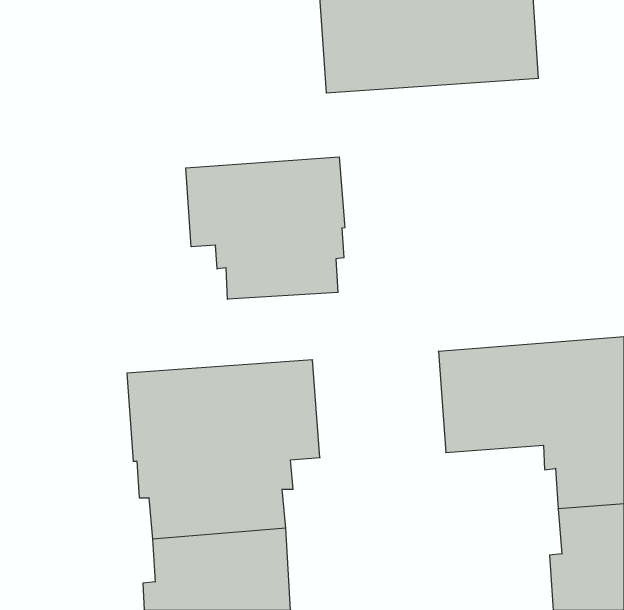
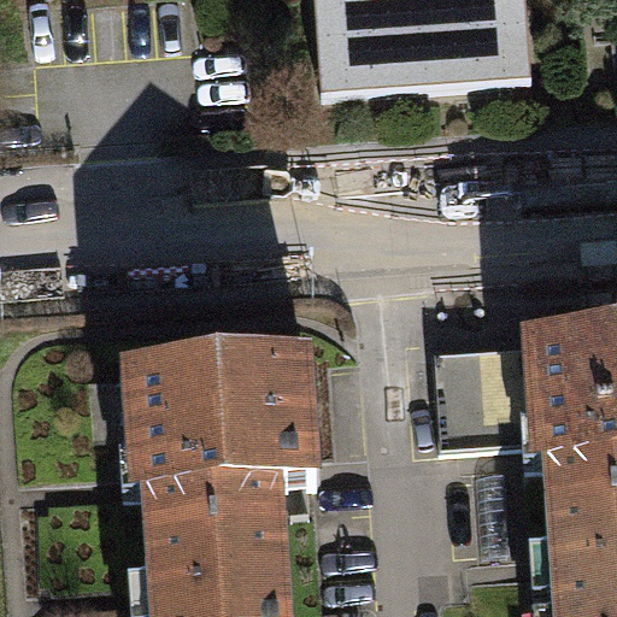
building: [186,157,345,299] -> none

